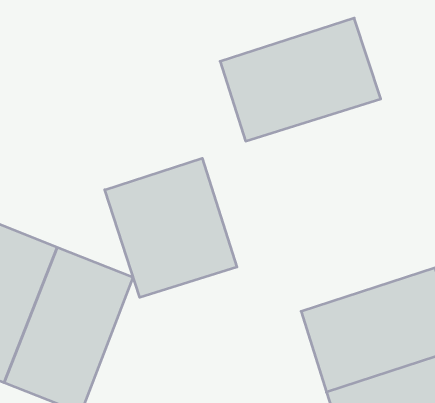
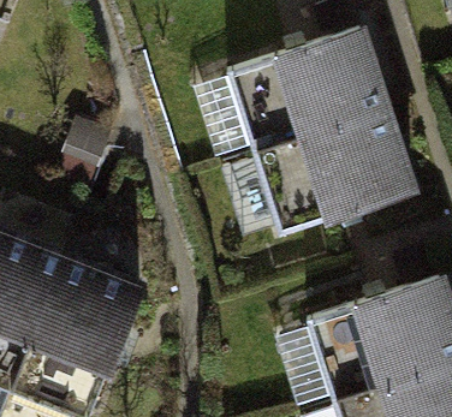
building: none -> [256,106,417,231]
building: [105,158,237,297] -> none

